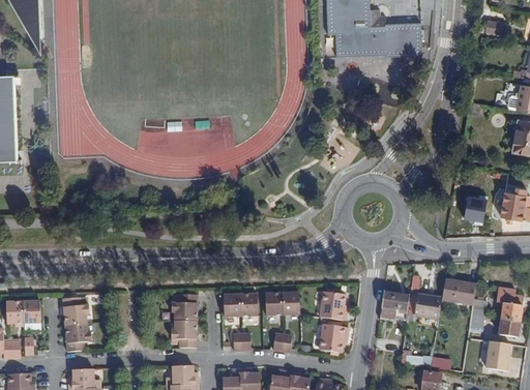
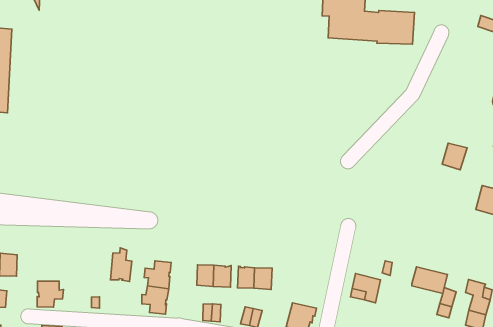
building: [463,194,487,220] -> [442,143,467,170]
building: none -> [110,248,132,281]
building: [414,291,442,317] -> none
building: [320,292,347,321] -> none
building: [61,297,88,326] -> none

